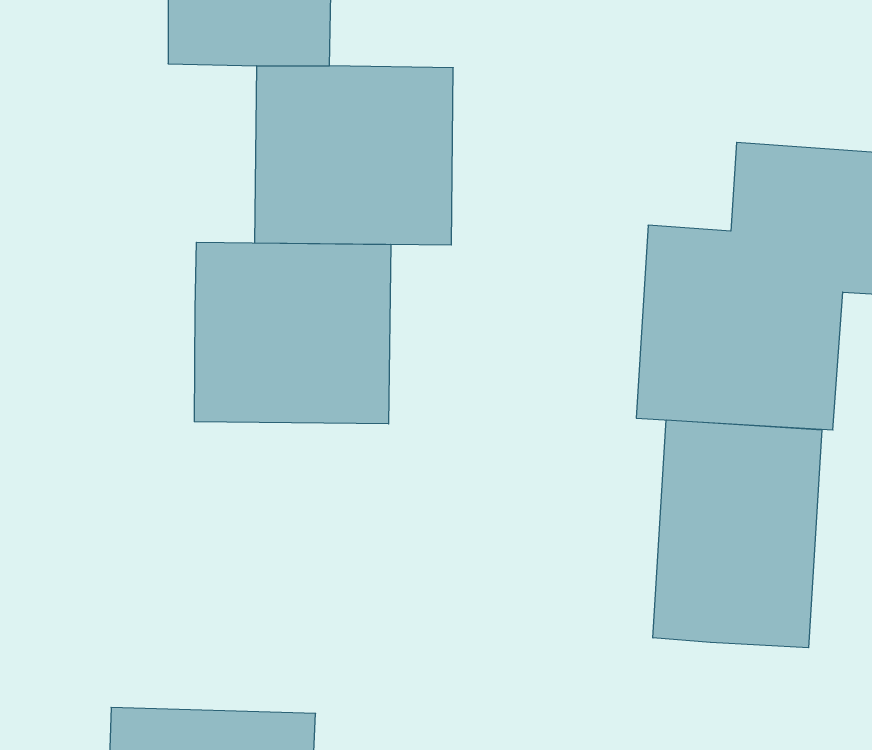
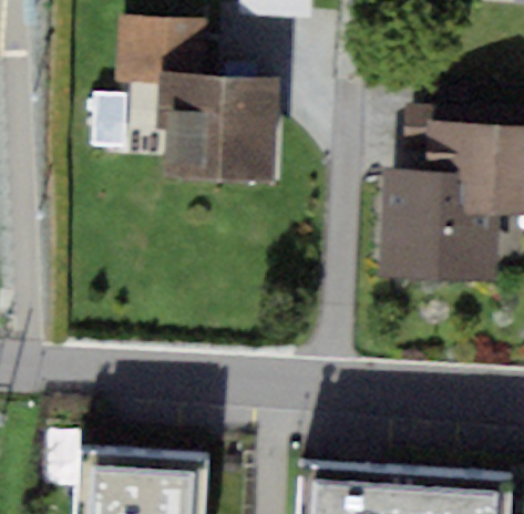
building: [194,242,391,424] -> none
building: [653,420,822,648] -> none

